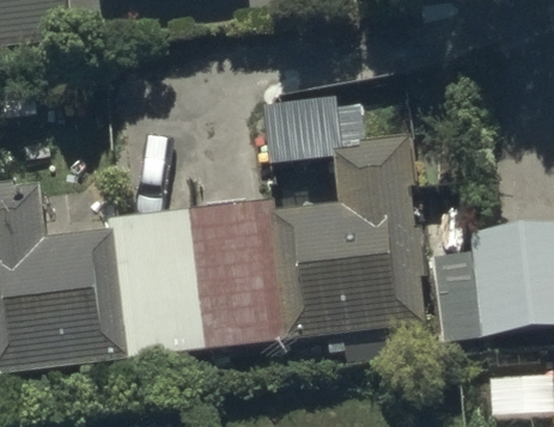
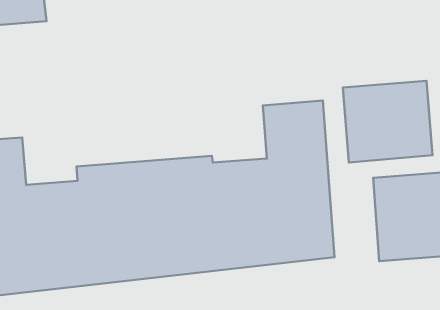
building: none -> [343,81,432,162]

